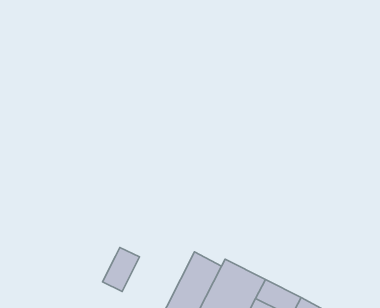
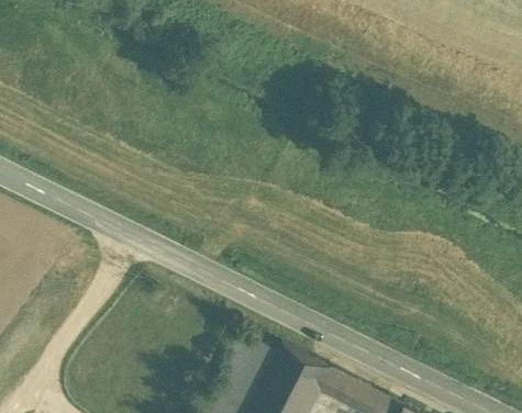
building: [102,247,140,291] -> none

